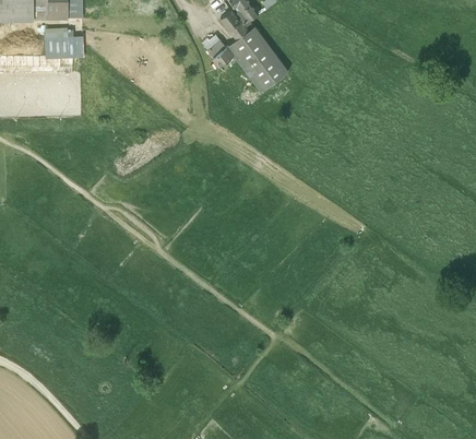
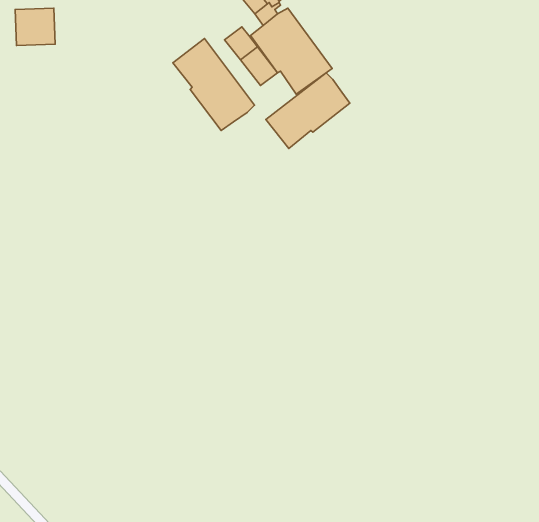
building: none -> [173,38,255,130]
building: none -> [266,73,350,148]

